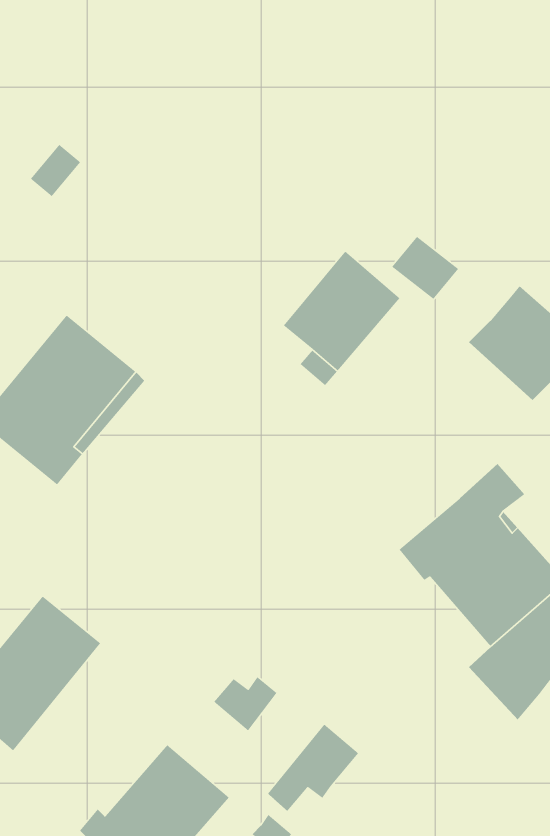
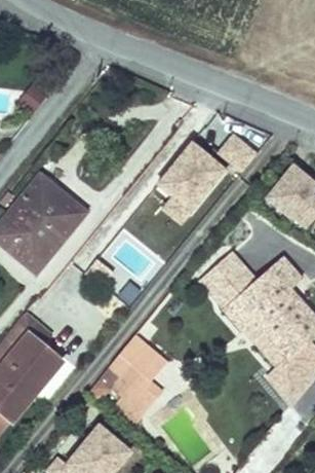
building: none -> [201,252,260,310]
building: [267,724,359,812] -> [111,345,162,395]

